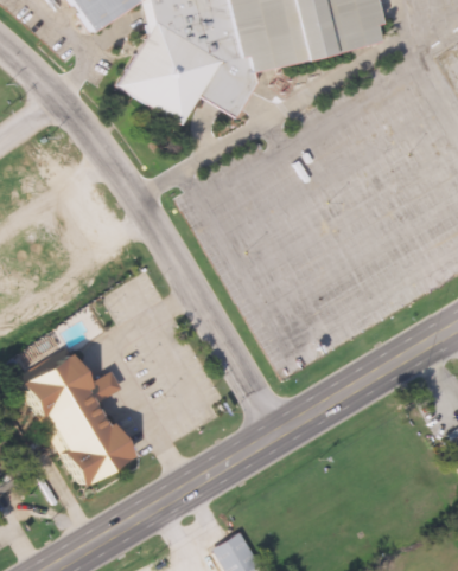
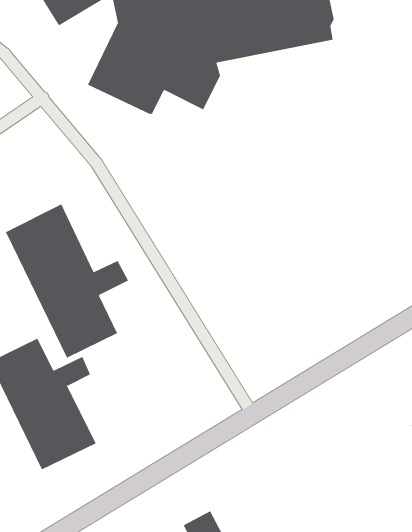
building: none -> [5,204,129,359]

